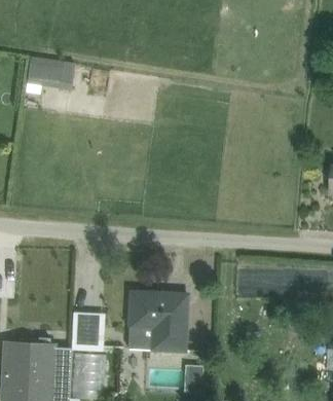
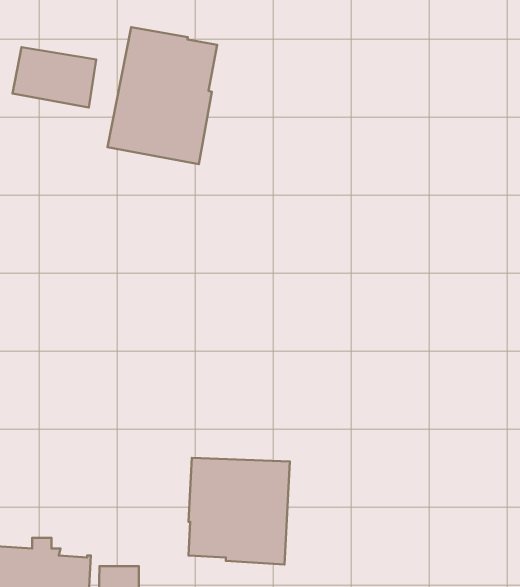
building: none -> [108,27,217,164]
building: [73,309,105,349] -> none

